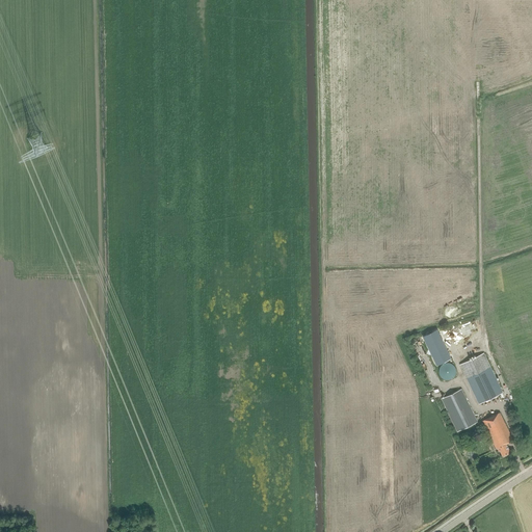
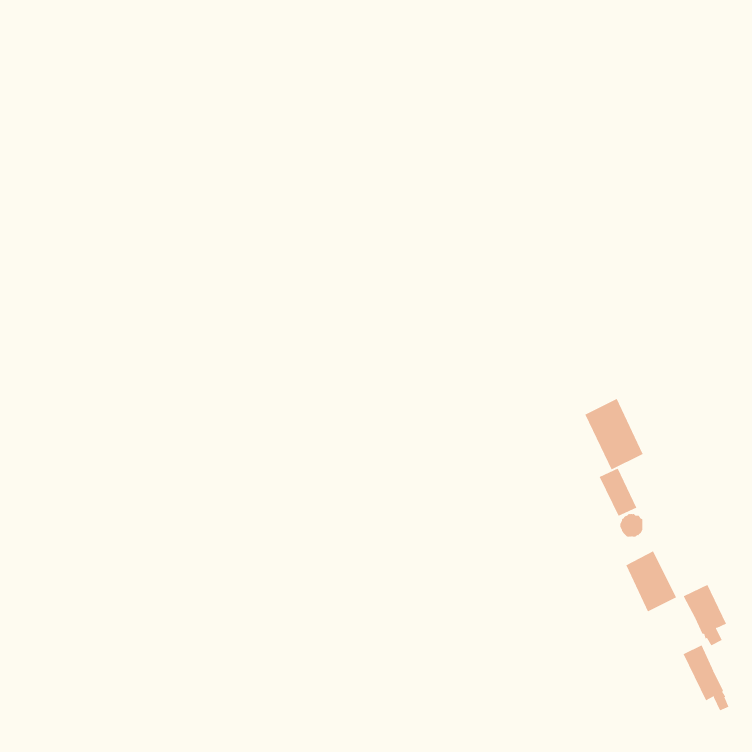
building: [460,353,502,404] -> [585,398,644,470]
building: none -> [683,645,729,711]

